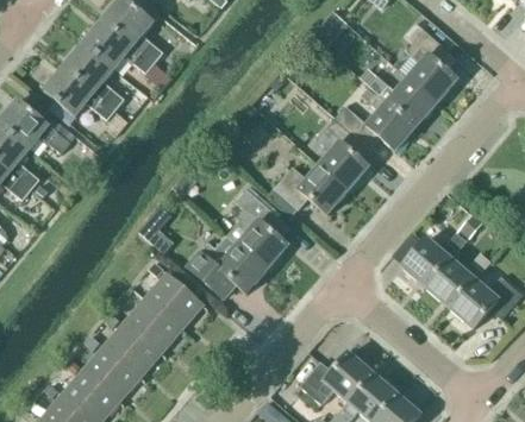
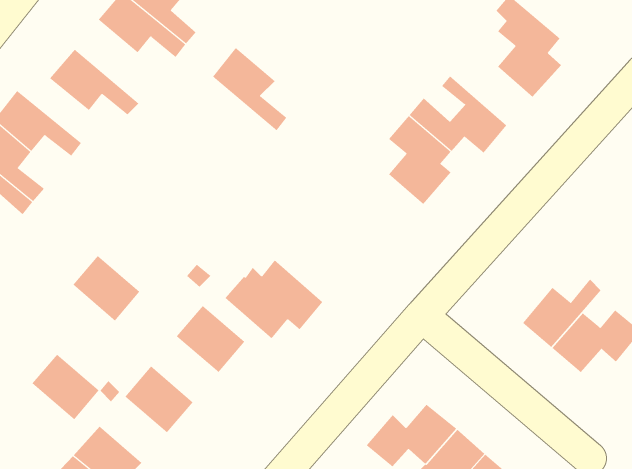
building: [63,42,124,109] -> [212,47,287,131]
building: [362,69,433,127] -> none
building: [274,165,345,213] -> none
building: [225,188,289,270] -> none
building: [390,212,482,286] -> none
building: [125,297,180,351] -> [72,255,140,321]
building: [83,346,138,399] -> [32,354,99,420]

